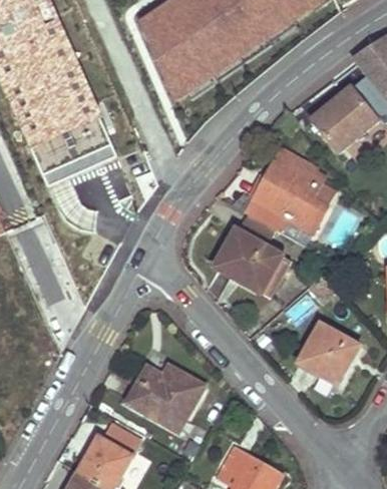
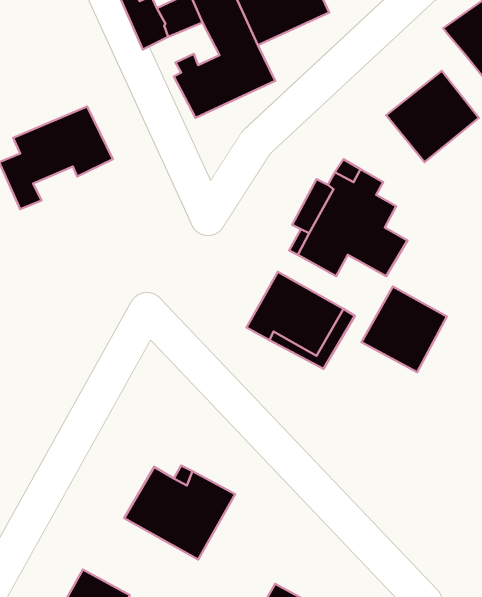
building: [298,323,358,383] -> [362,287,447,372]

